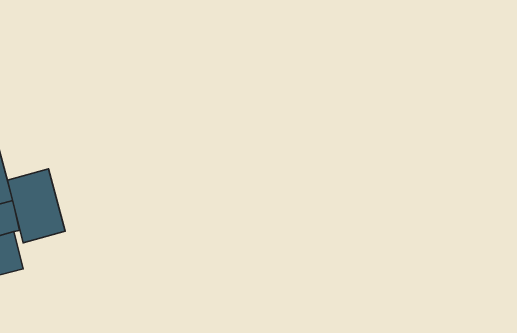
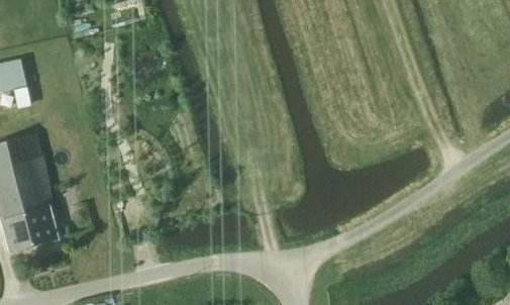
building: [8,169,65,243] -> none

